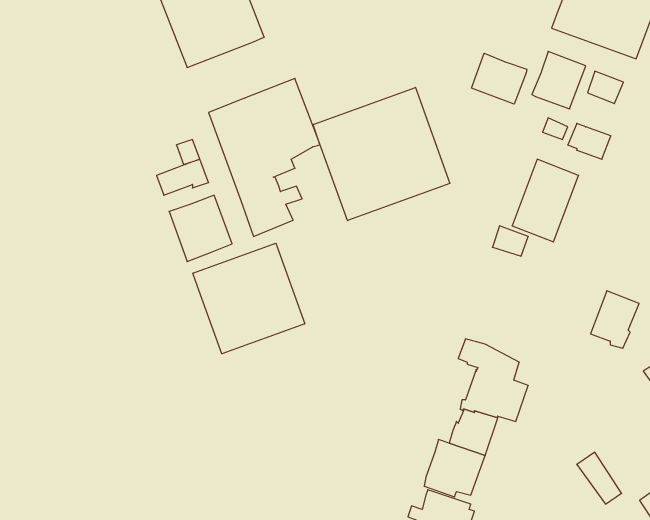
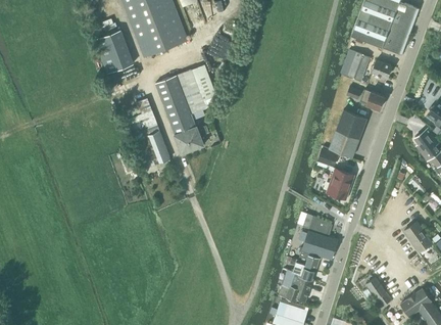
building: none -> [96,37,134,75]
building: [471,53,527,104] -> none
building: [313,87,450,221] -> none
building: [193,243,305,354] -> none
building: [591,291,639,348] -> [327,169,354,201]

